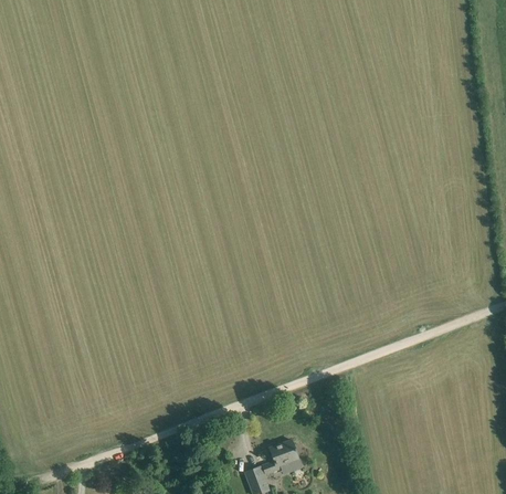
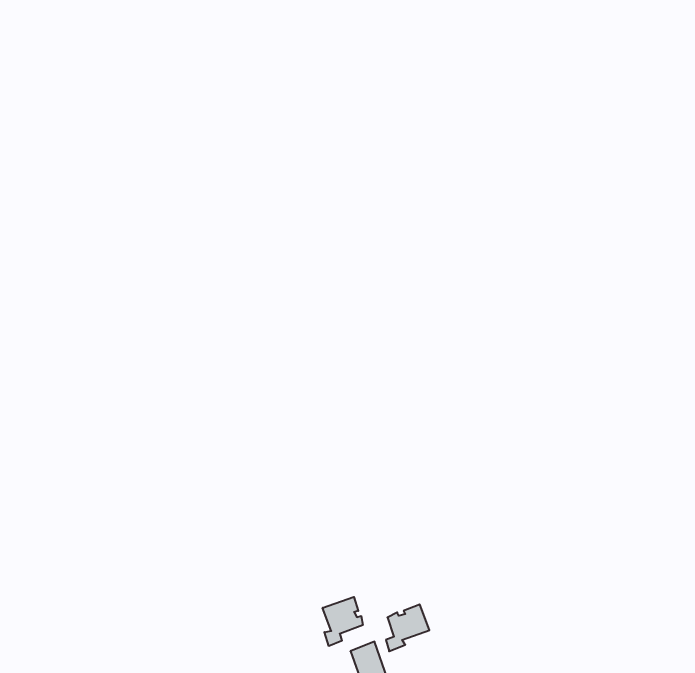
building: none -> [323,597,363,646]

